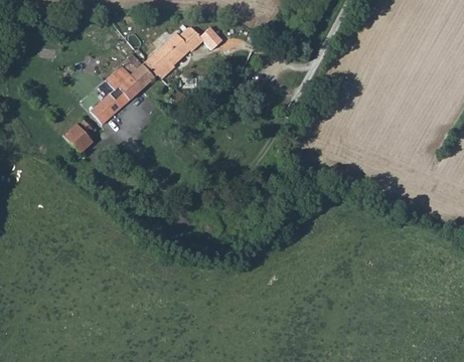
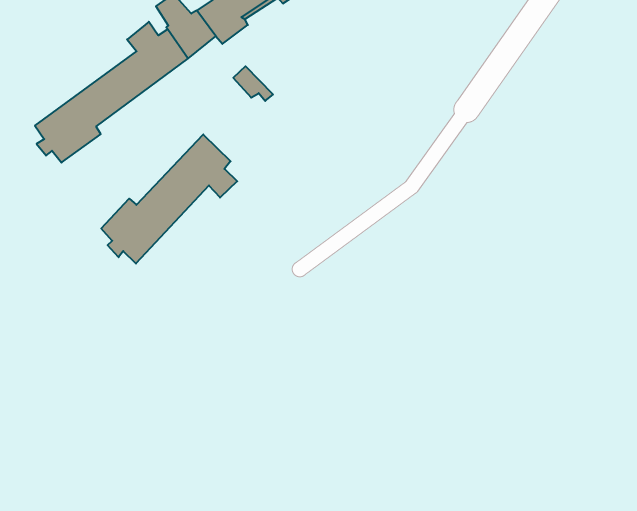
building: none -> [101,134,237,264]

